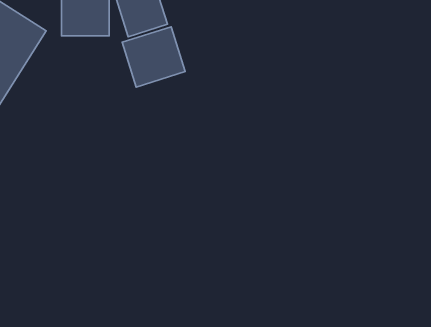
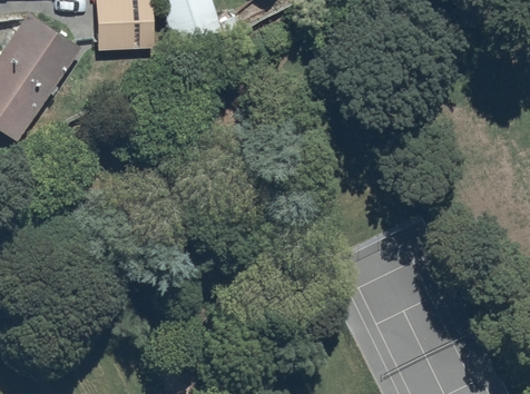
building: [122,27,185,87] -> none

